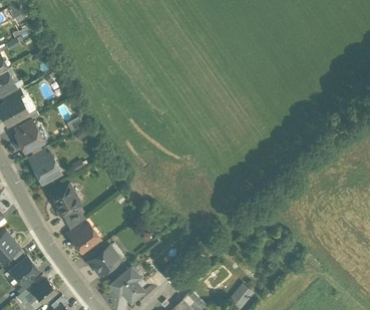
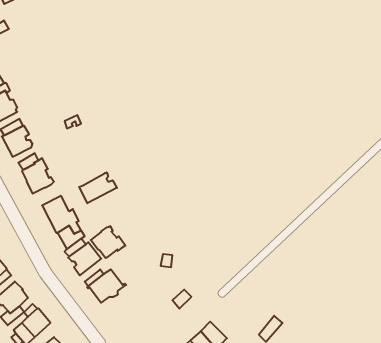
building: none -> [79,172,117,203]
building: none -> [91,226,125,258]
building: [110,267,145,304] -> none

